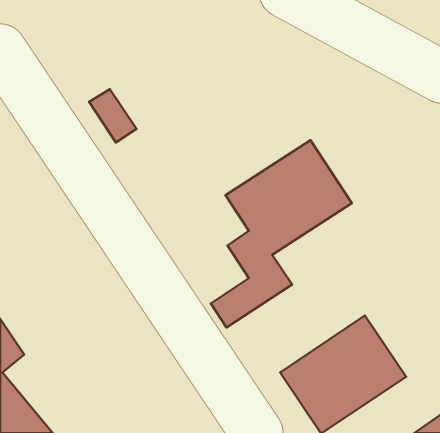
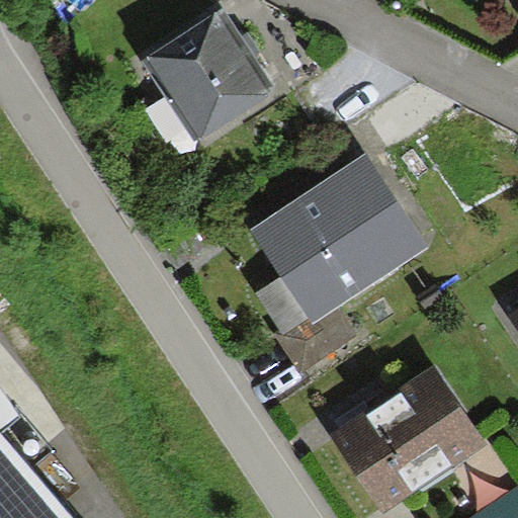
building: none -> [154,21,257,126]

